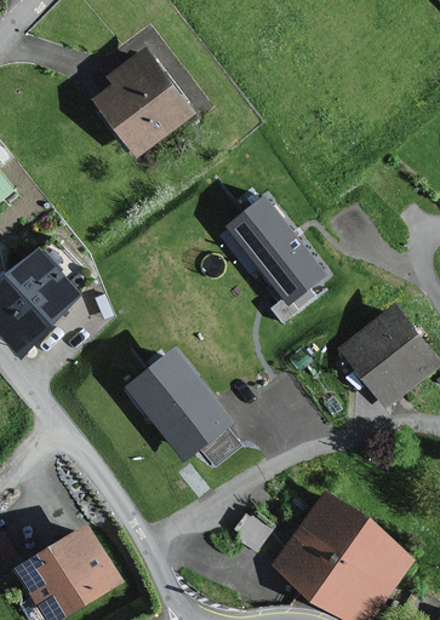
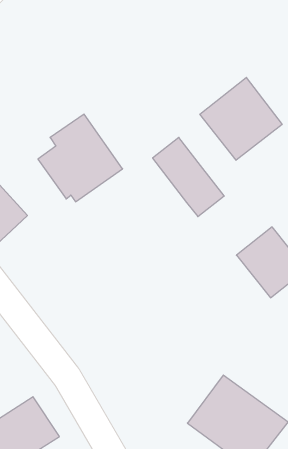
building: [90,45,199,157] -> [38,114,123,202]
building: none -> [200,77,282,160]
building: [135,351,227,449] -> none

